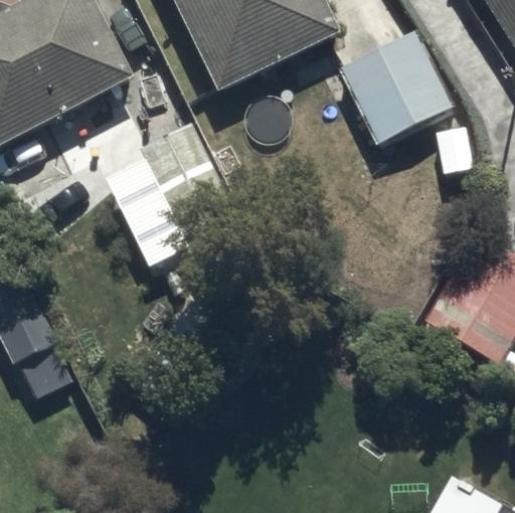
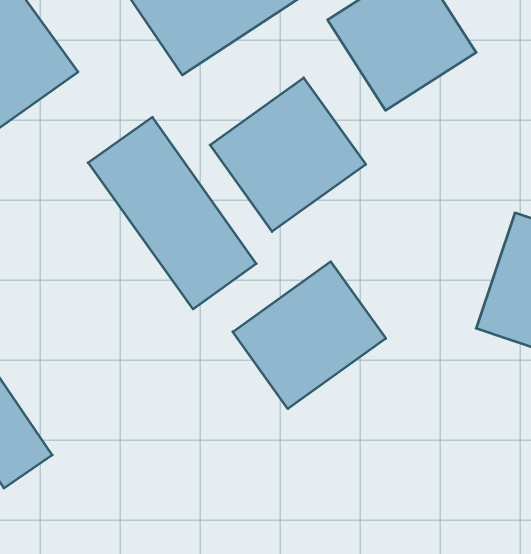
building: none -> [210,78,366,232]
building: none -> [233,262,386,409]

